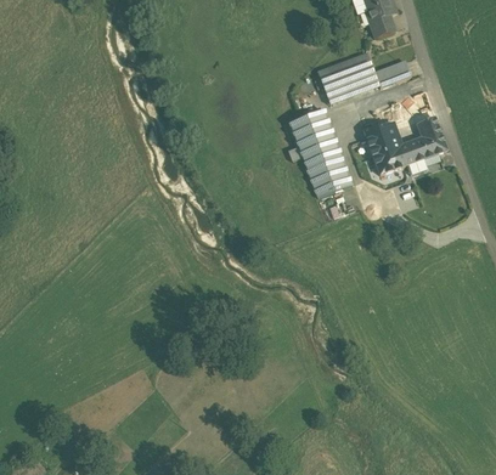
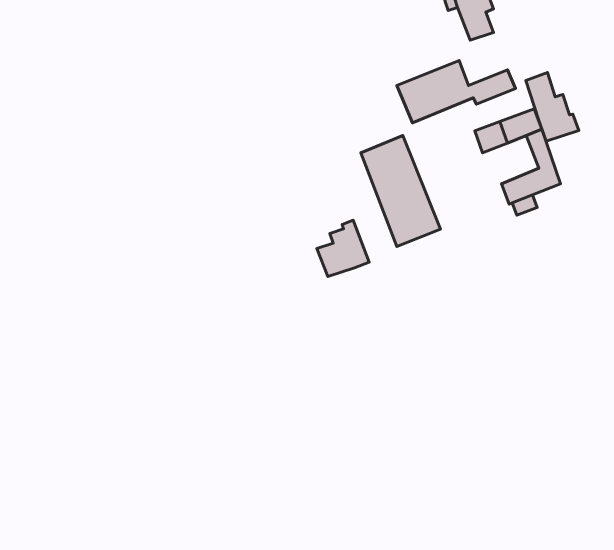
building: none -> [526,73,579,141]
building: [366,126,405,171] -> none
building: none -> [317,220,369,277]

